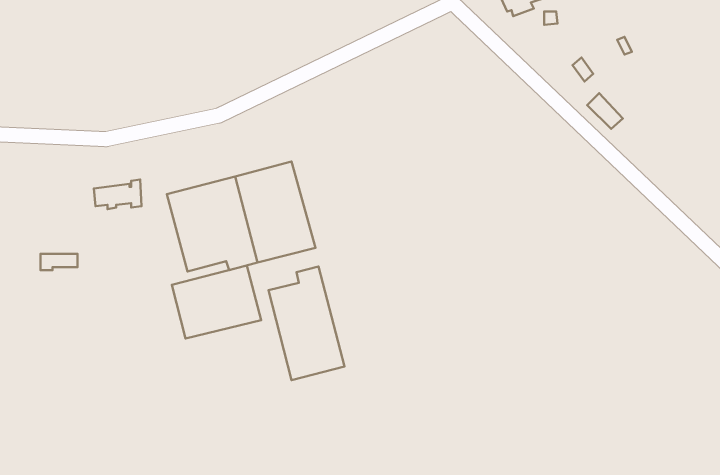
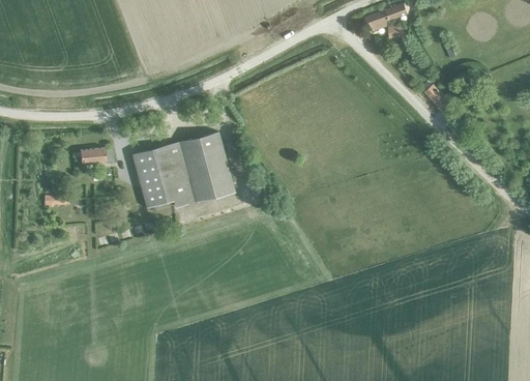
building: [172,265,261,338] -> none
building: [269,267,345,380] -> none

